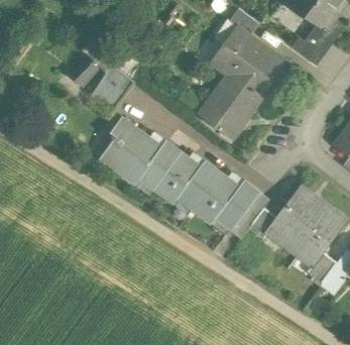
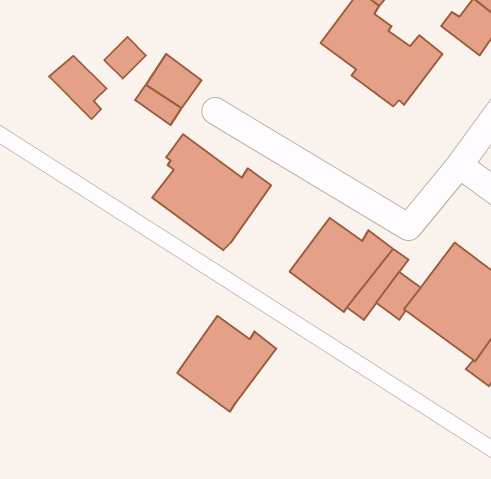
building: none -> [49,56,107,119]
building: [197,79,259,139] -> none
building: [153,150,218,213] -> [177,316,276,412]

